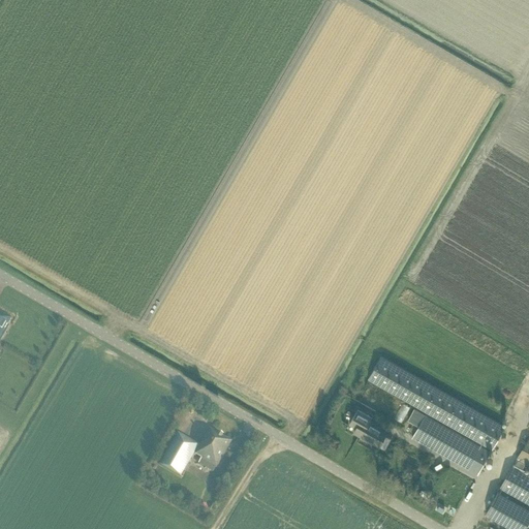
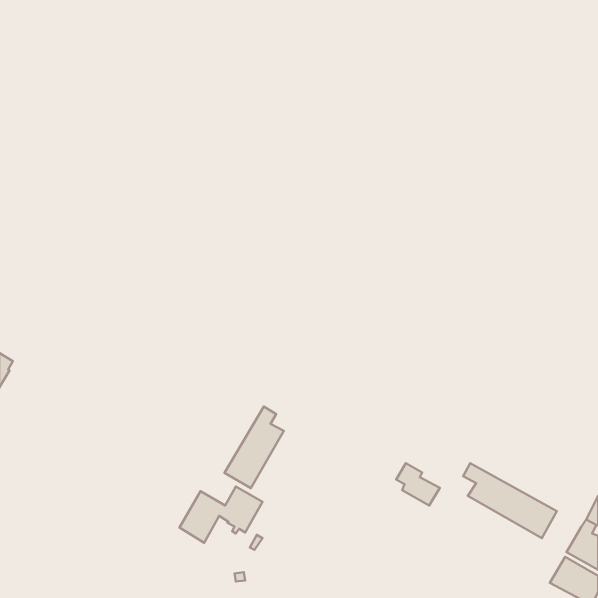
building: [368,356,505,450] -> none
building: none -> [225,407,284,488]

